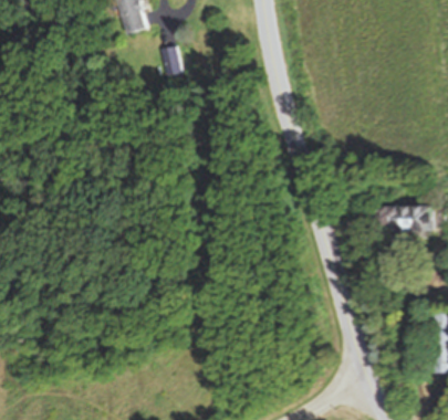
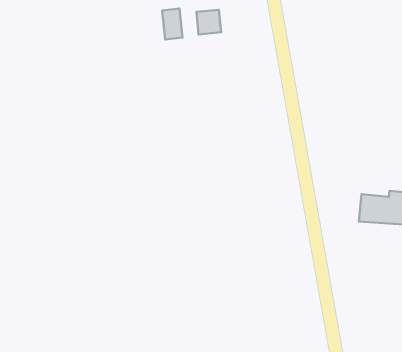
building: none -> [196,10,221,35]

